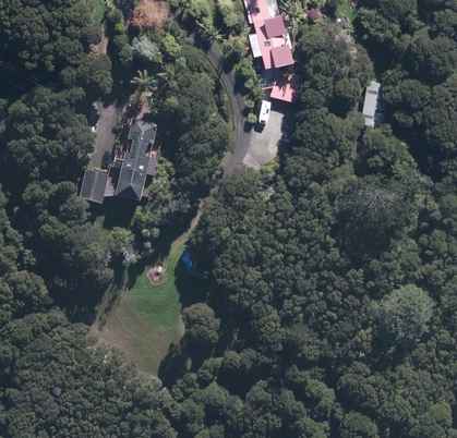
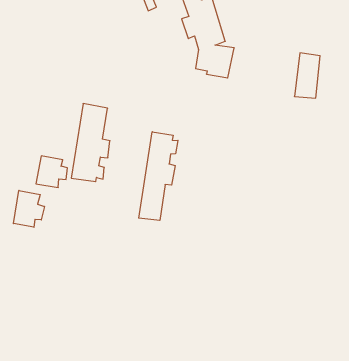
building: none -> [139,132,178,220]
building: none -> [13,190,44,227]

